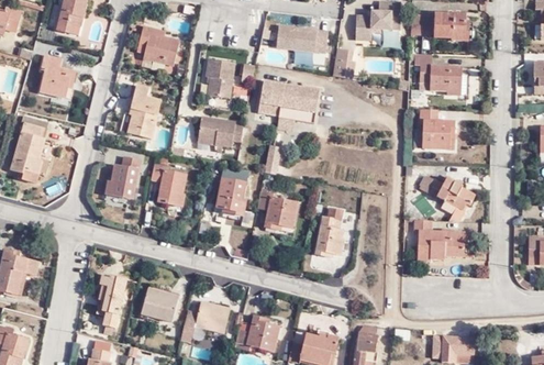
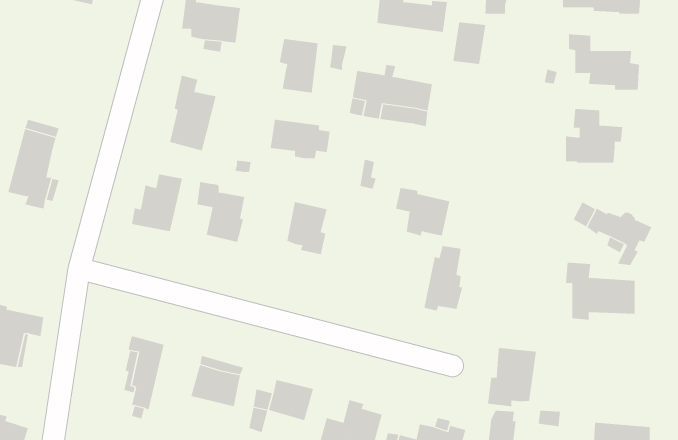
building: [34,49,73,96] -> none
building: [252,195,291,230] -> [395,188,450,236]
building: none -> [488,347,537,407]

